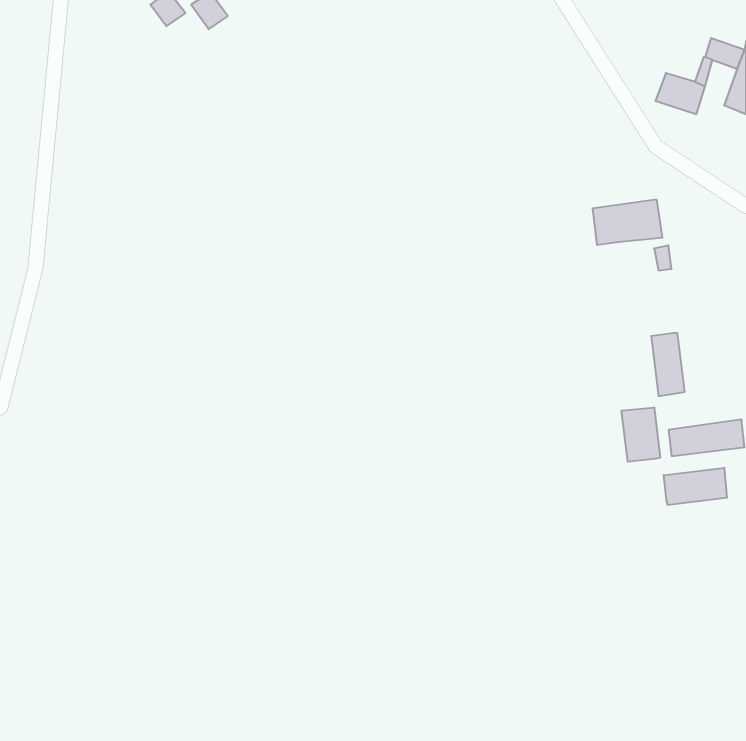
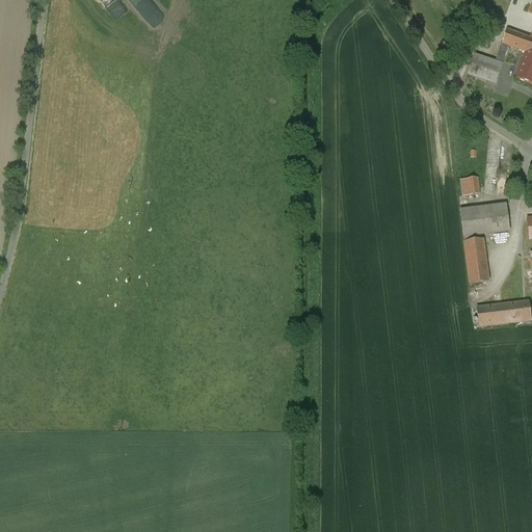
building: [593,200,663,245] -> [459,202,509,234]
building: [622,407,660,462] -> none
building: [664,468,727,505] -> none

